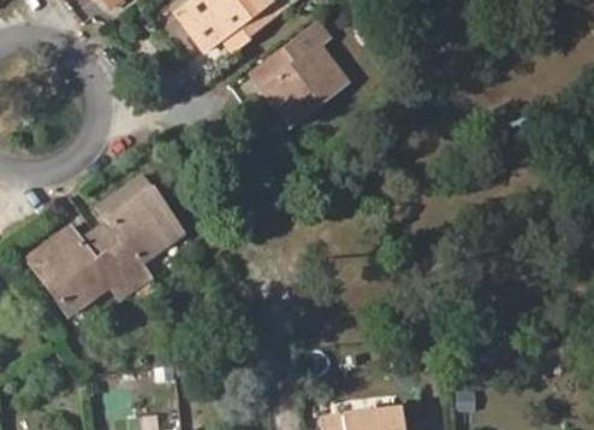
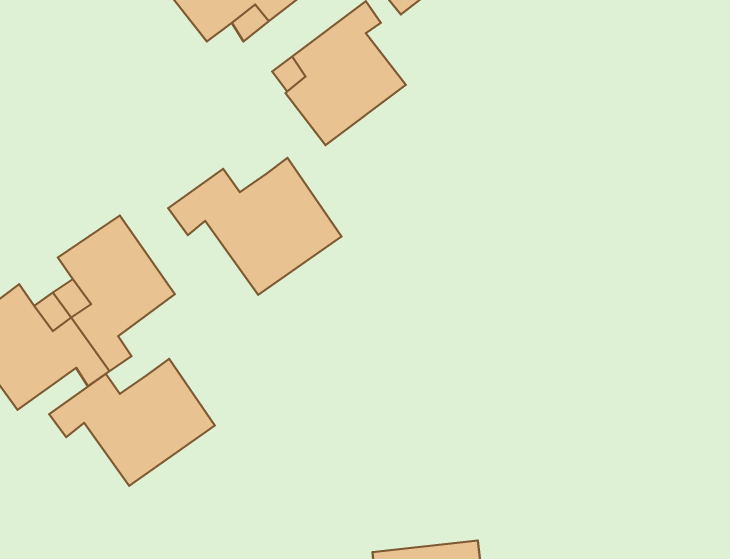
building: none -> [168,158,341,295]
building: none -> [49,359,215,486]

